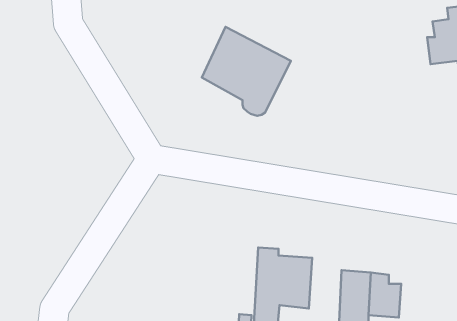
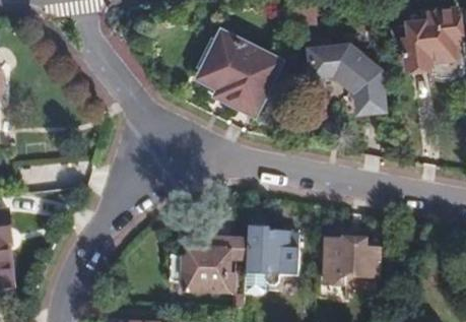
building: none -> [309,44,383,110]
building: none -> [170,241,247,286]

